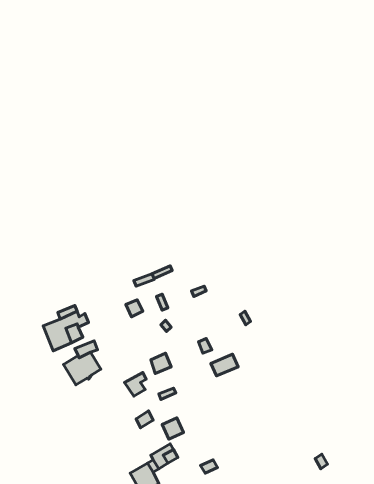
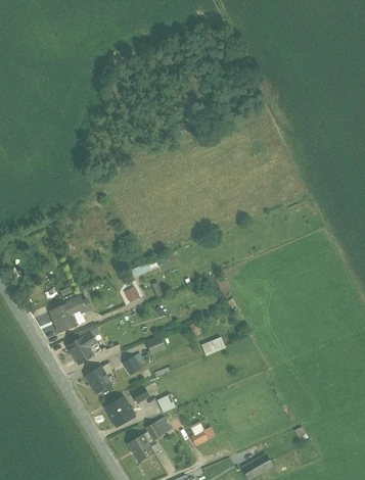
building: none -> [86,366,116,393]
building: none -> [106,396,134,426]

